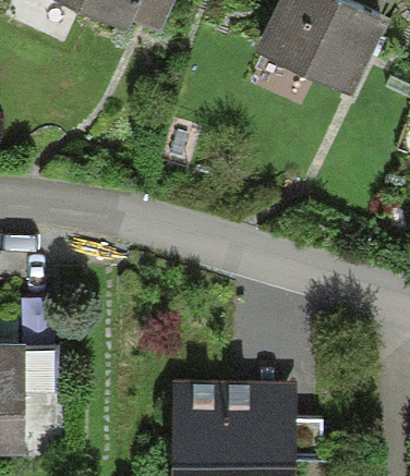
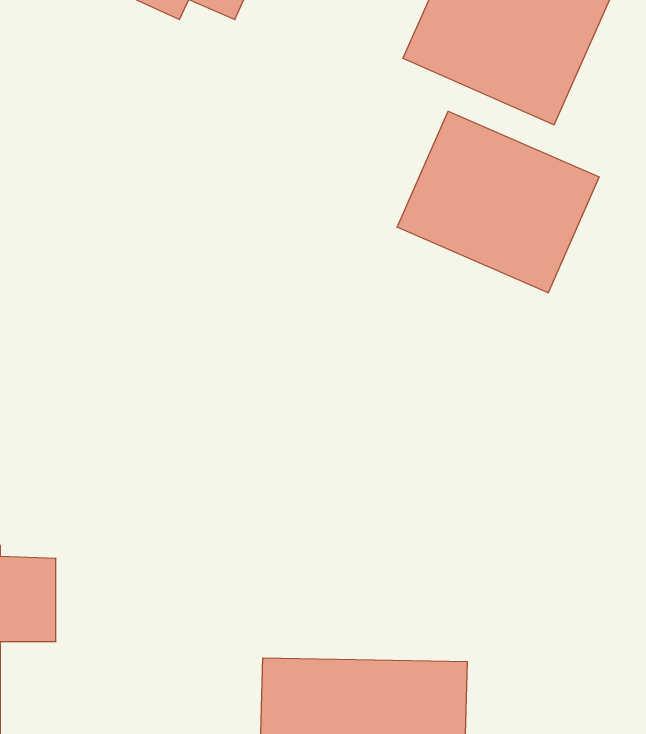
building: none -> [397,111,599,293]

